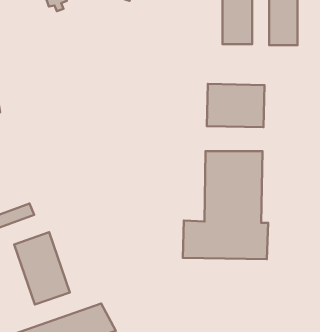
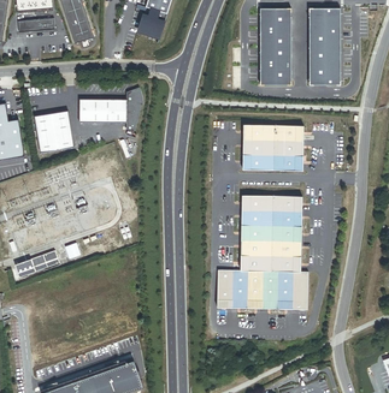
building: none -> [77,88,142,135]
building: none -> [34,112,72,154]
building: [14,232,70,305] -> none

